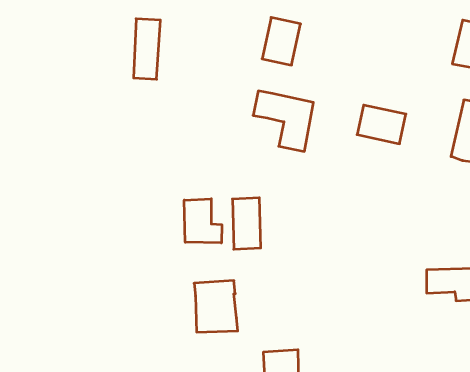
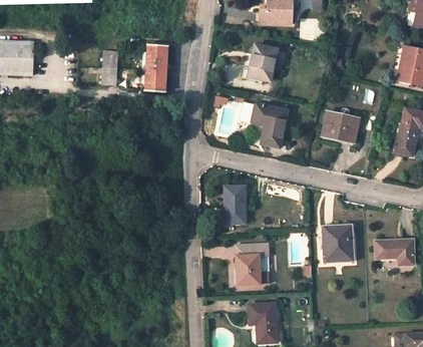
building: none -> [100,51,117,85]
building: [184,199,222,243] -> none
building: none -> [322,230,352,263]
building: [194,281,238,332] -> [236,245,270,285]

